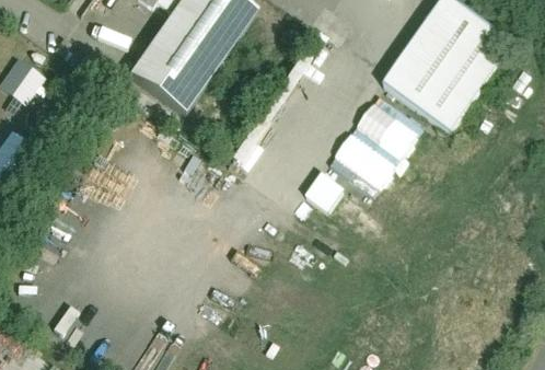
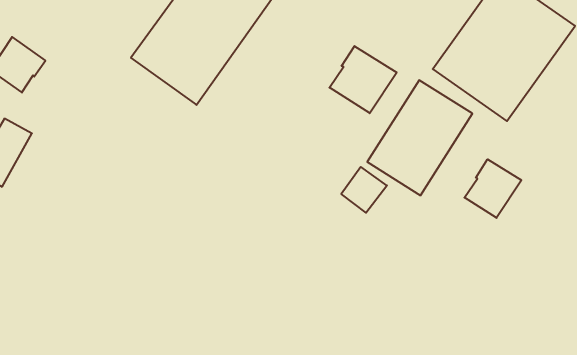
building: none -> [329,46,397,113]
building: none -> [464,159,521,218]

